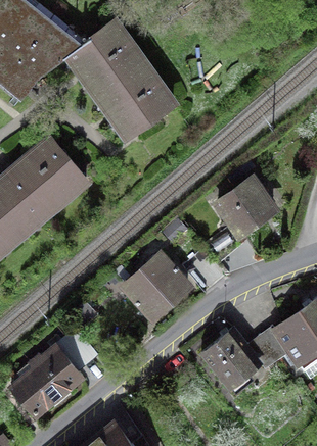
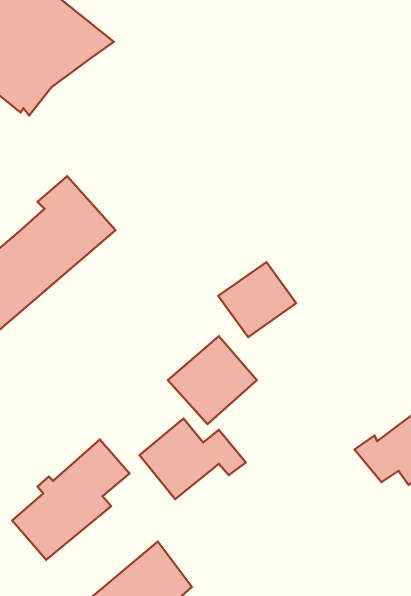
building: [67,23,173,139] -> none
building: [217,180,273,234] -> [218,262,296,337]
building: [201,330,278,388] -> [140,419,246,499]

